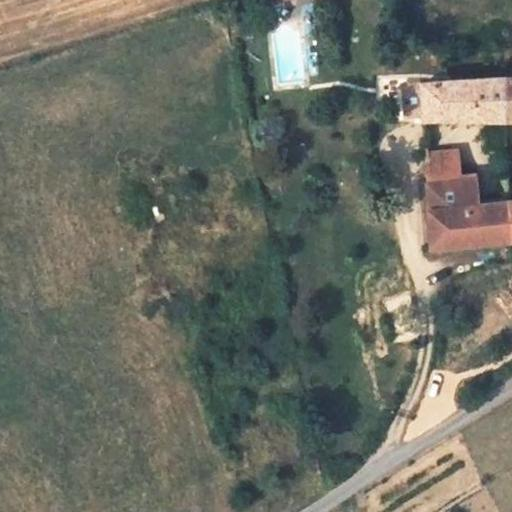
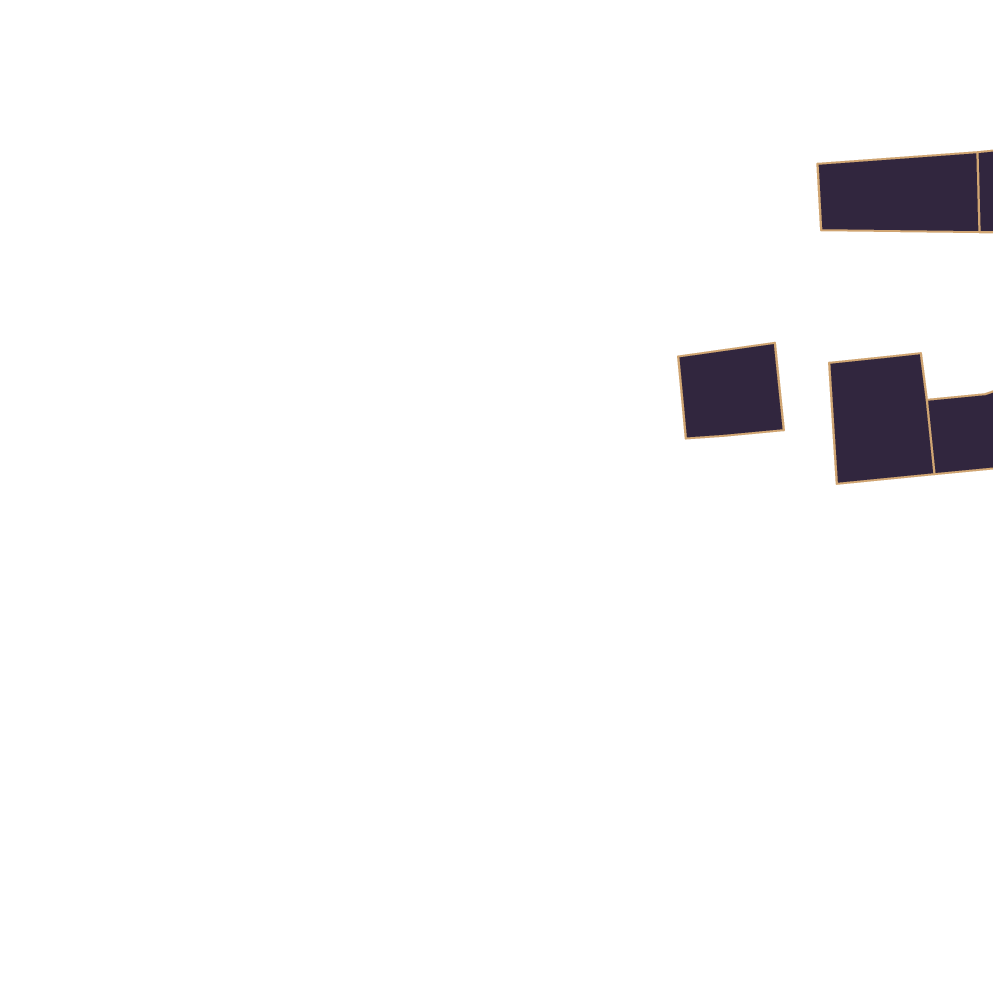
building: [425,154,455,187] -> none
building: none -> [678,343,784,439]

